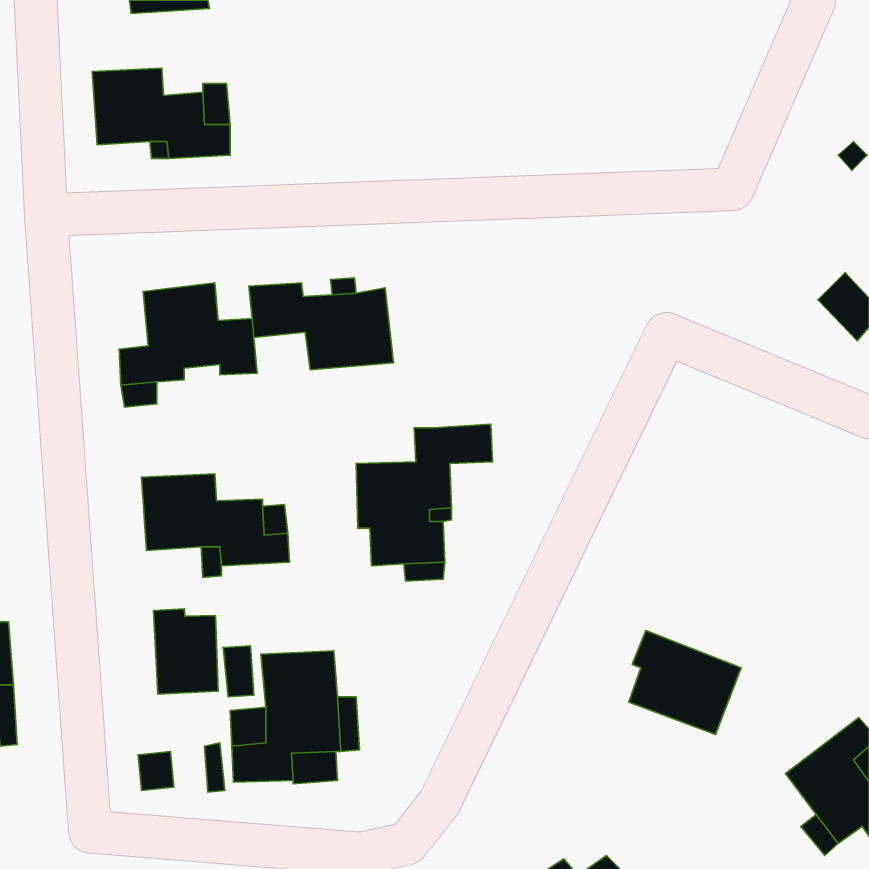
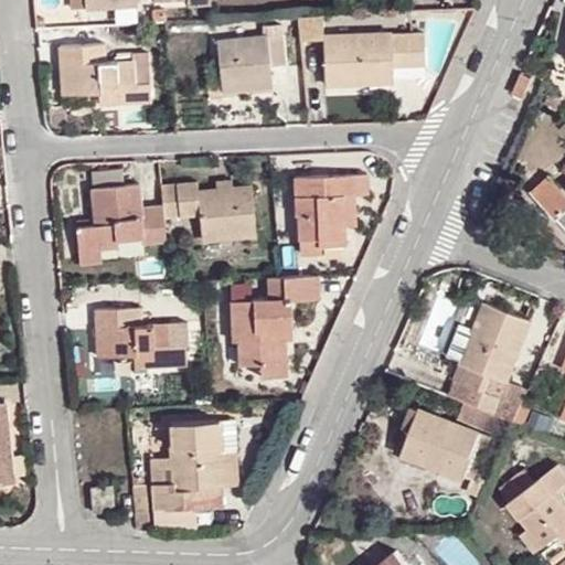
building: none -> [215,26,284,94]
building: none -> [324,33,425,85]
building: none -> [296,177,365,256]
building: none -> [454,305,527,415]
building: [153,609,218,694] -> none

